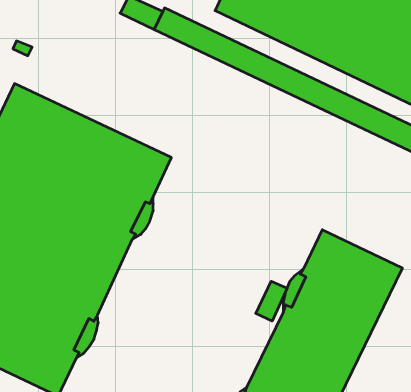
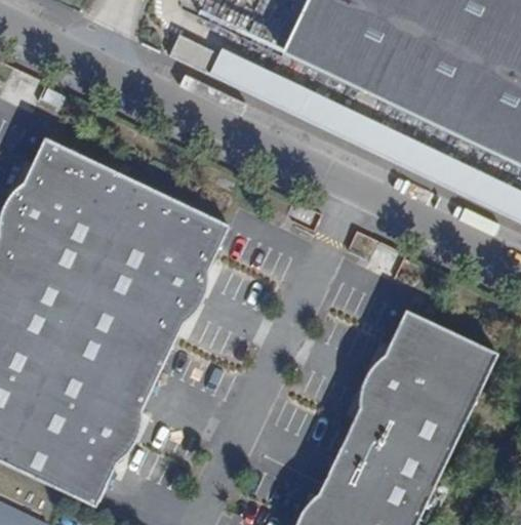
building: [256,281,287,321] -> none

